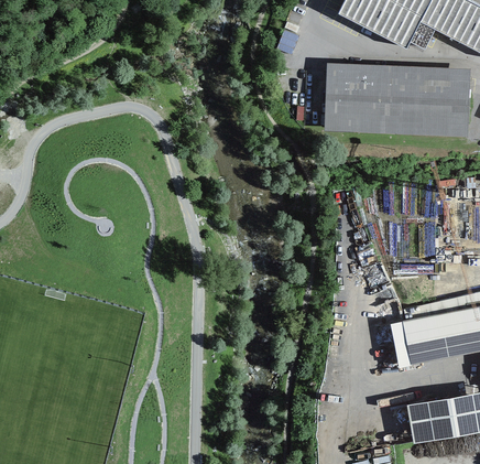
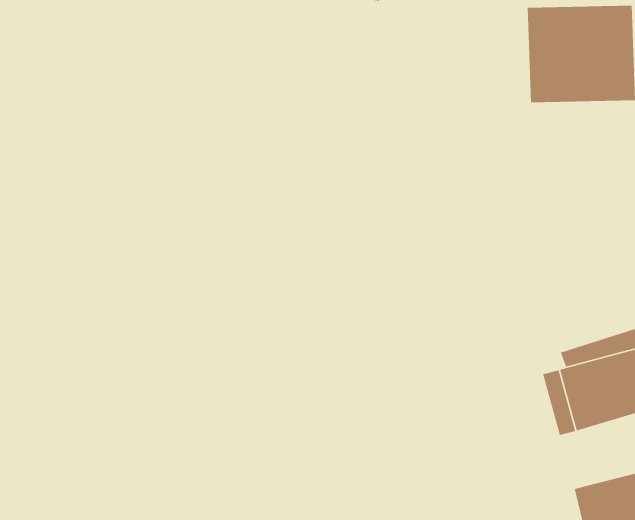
building: [326,64,397,134] -> none

